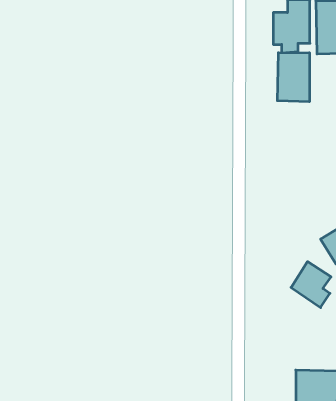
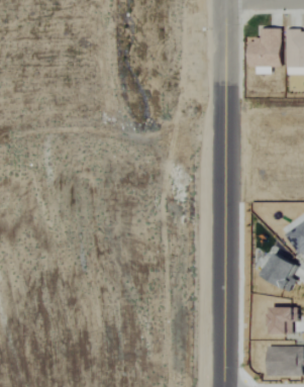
building: [277,53,309,102] -> none
building: none -> [268,307,297,333]

